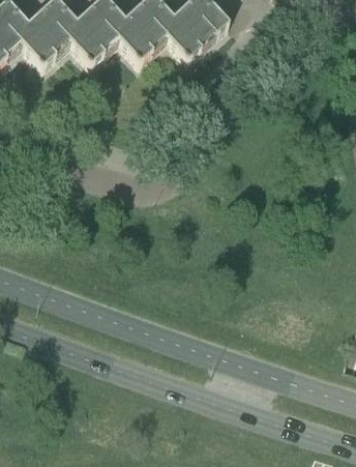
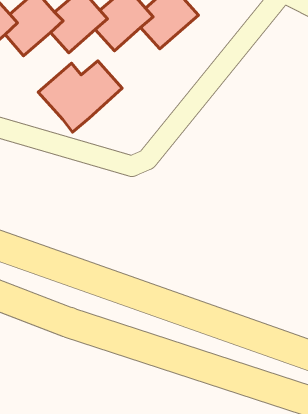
building: none -> [38,61,122,132]

